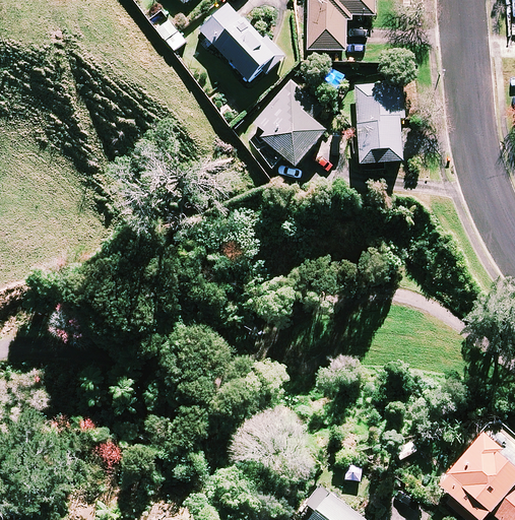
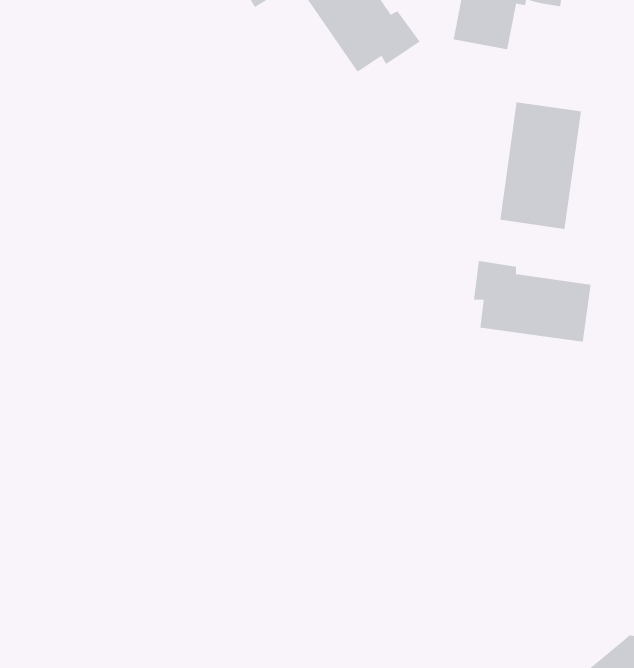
building: [253,80,326,169] -> none
building: none -> [473,260,591,342]

